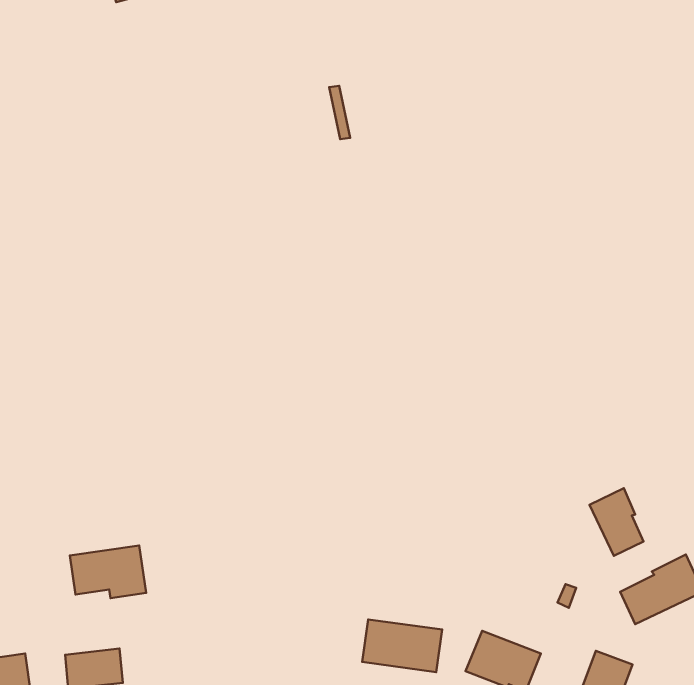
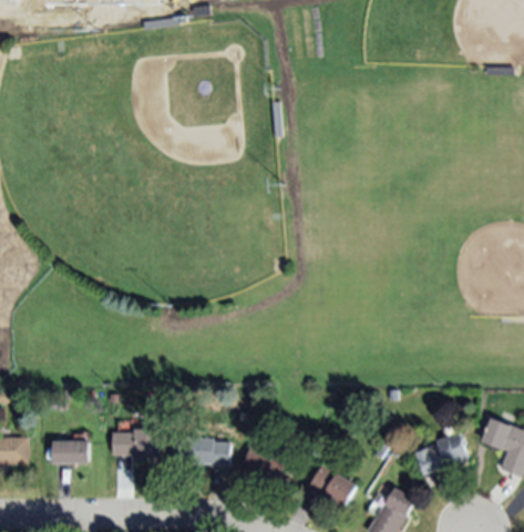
building: [589,488,644,556] -> none
building: [70,545,146,598] -> [113,431,158,462]
building: none -> [175,437,229,466]

